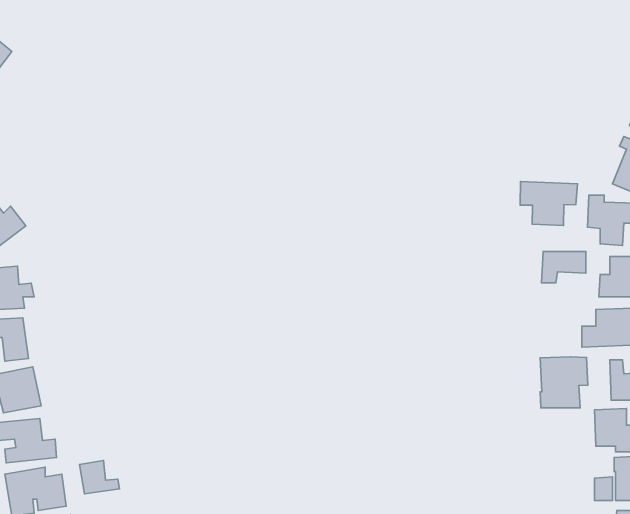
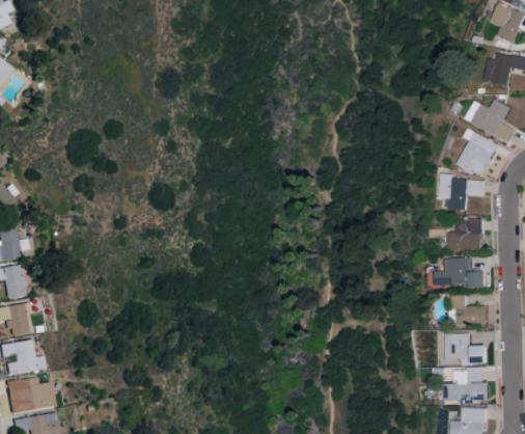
building: [520,181,577,226] -> none
building: [542,252,586,283] -> none
building: [540,357,588,408] -> none
building: [80,460,120,494] -> none

